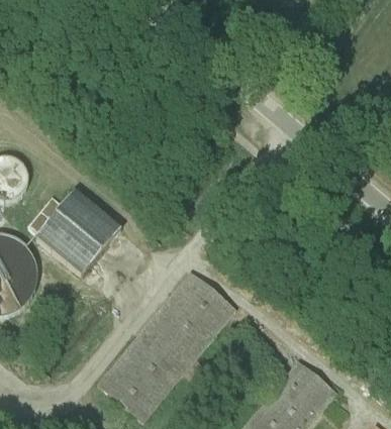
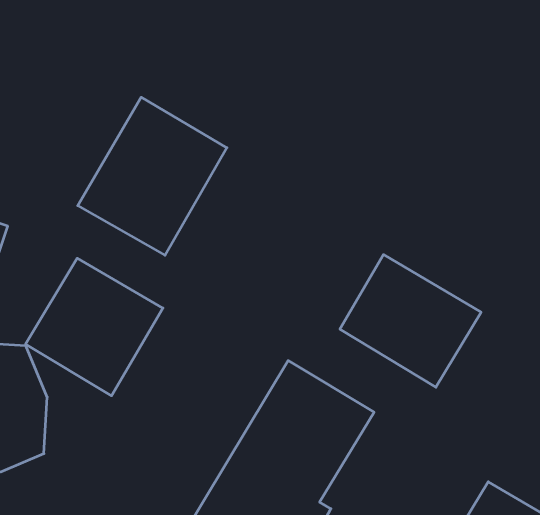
building: none -> [78,97,227,255]
building: none -> [340,255,481,387]

